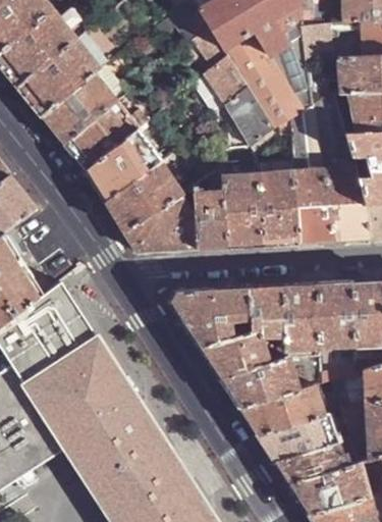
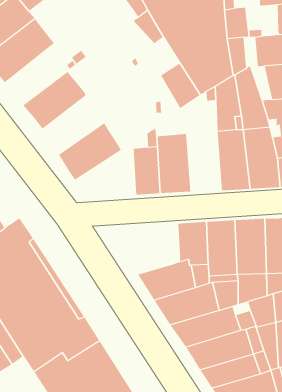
building: [209,64,252,110] -> none
building: [43,77,118,146] -> none
building: [88,134,164,205] -> none
building: [260,176,301,249] -> none
building: [126,199,199,256] -> none
building: [169,286,251,348] -> none

